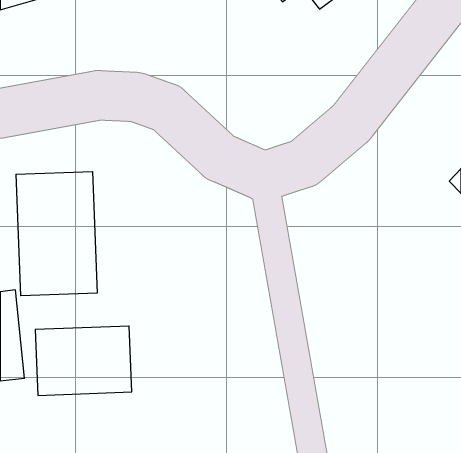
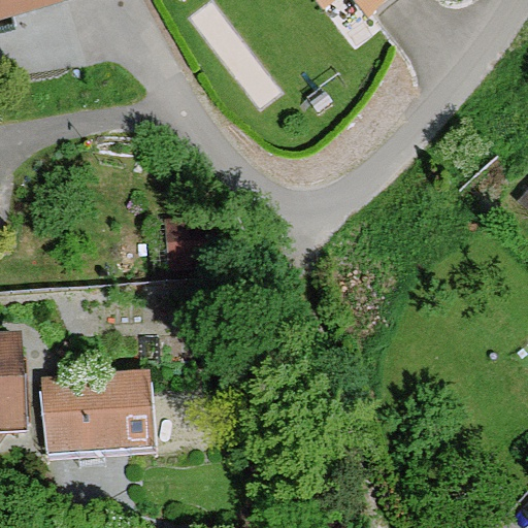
building: [16,172,97,296] -> none

